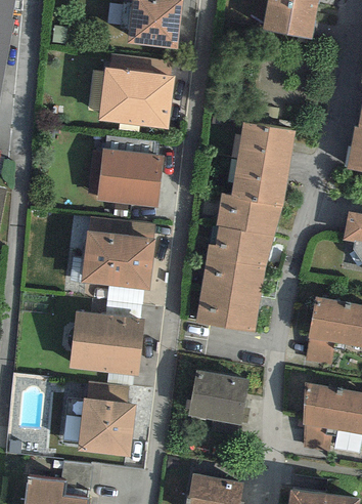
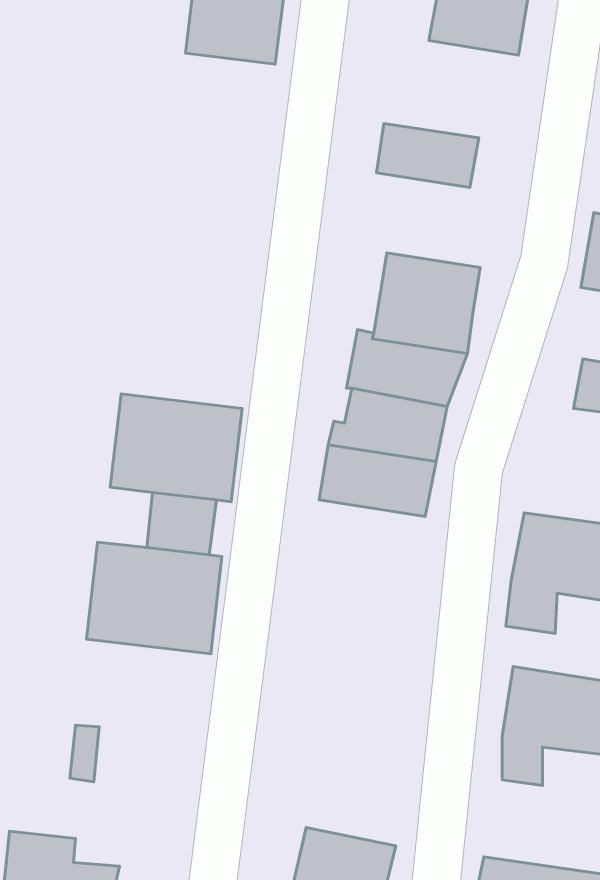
building: [98,65,173,127] -> none
building: [237,123,295,159] -> [376,123,479,187]
building: [96,148,162,206] -> none
building: [193,289,259,333] -> none
building: [191,372,248,436] -> none
building: [76,395,135,453] -> none

